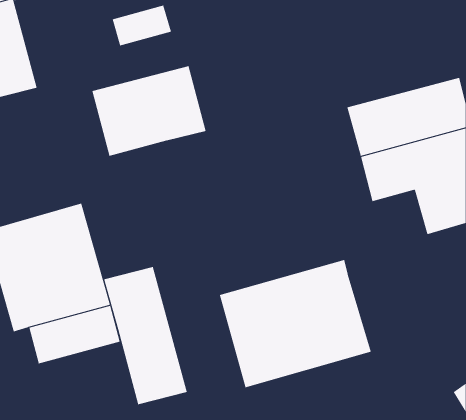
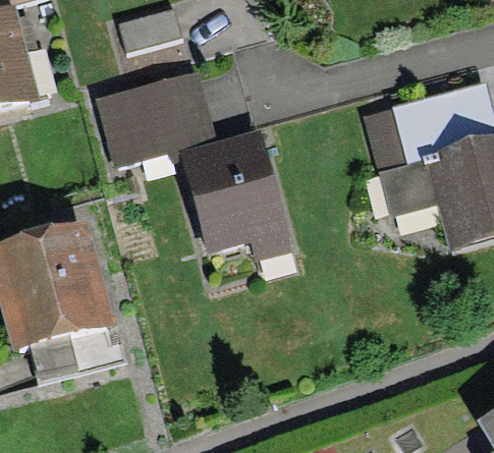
building: none -> [176,128,293,261]
building: [219,259,372,388] -> none
building: [103,266,187,405] -> none

